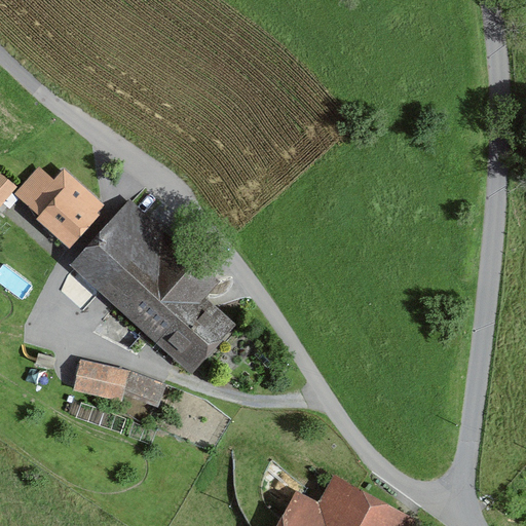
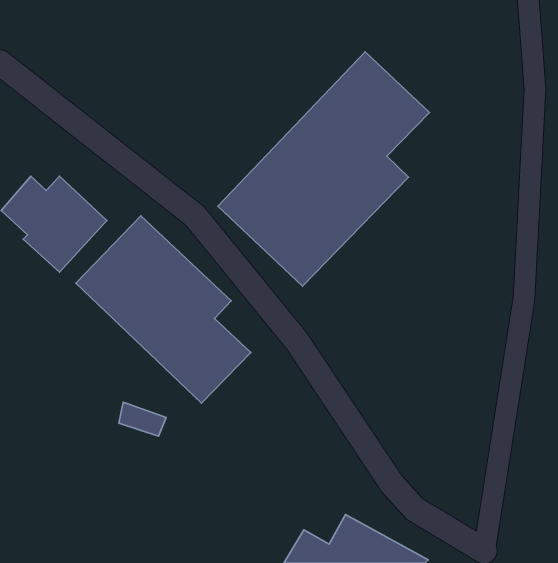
building: none -> [218,52,430,286]
building: [66,365,119,406] -> none

